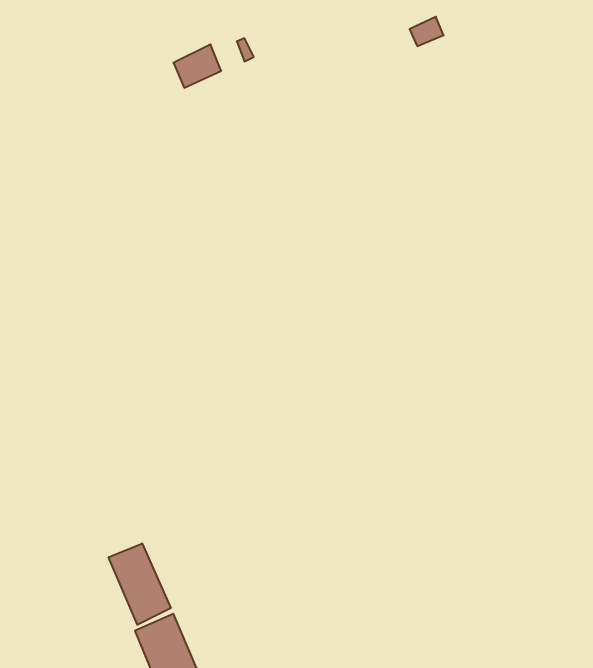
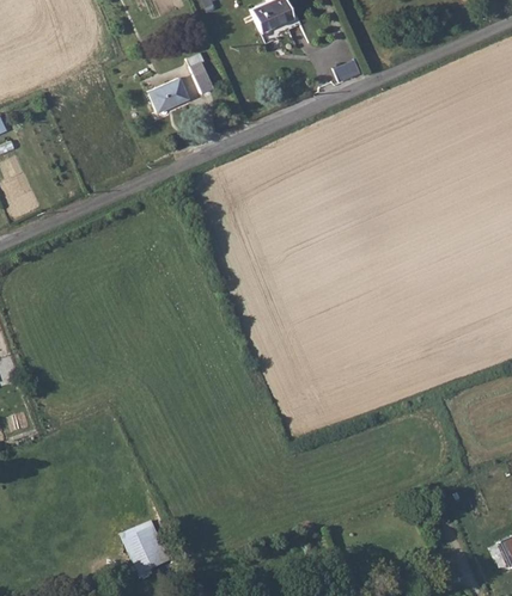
building: [109,543,171,625] -> none

